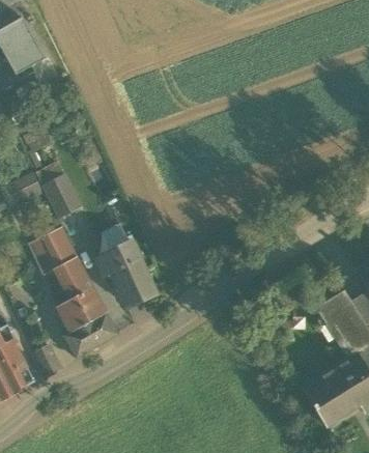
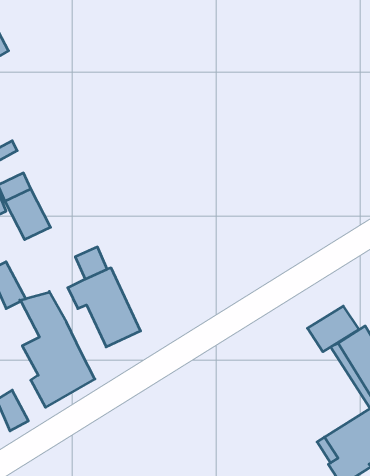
building: [42,226,79,266] -> none
building: none -> [307,306,359,352]

